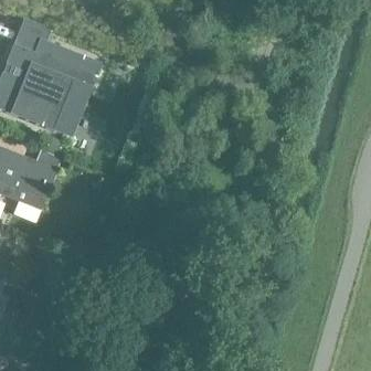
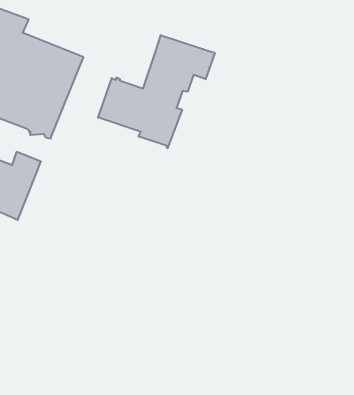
building: none -> [98,35,215,148]

